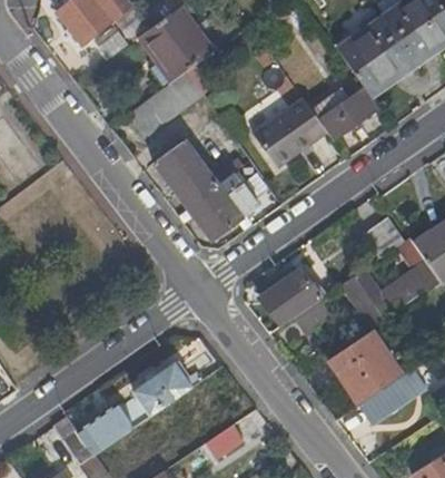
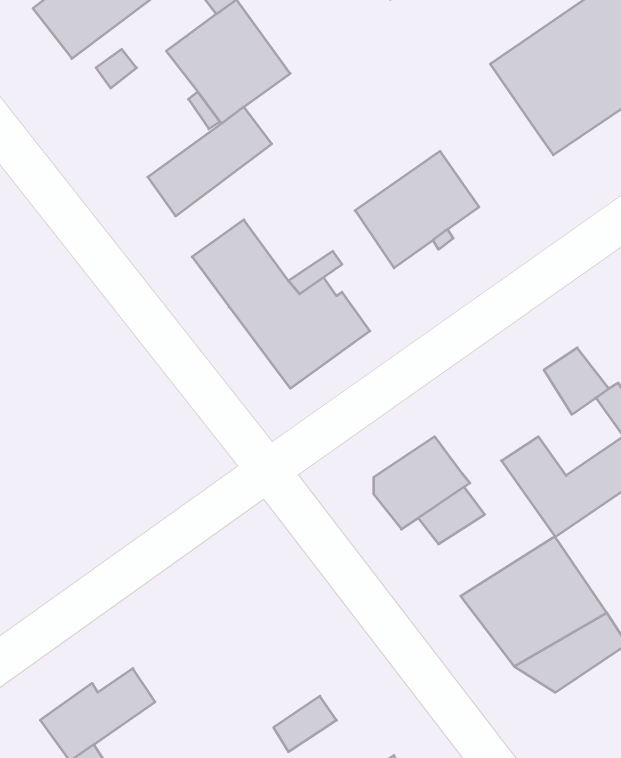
building: [314,88,378,138] -> none
building: [131,362,190,414] -> none

